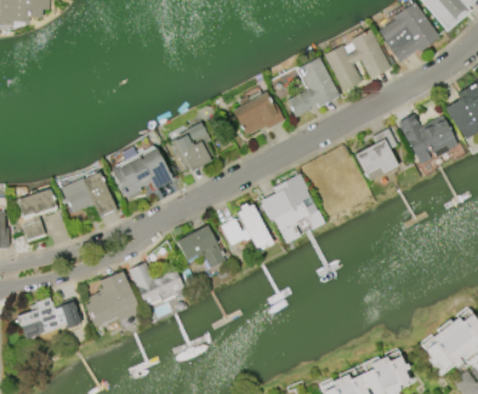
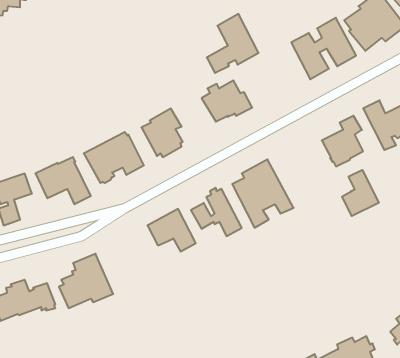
building: [286,56,340,116] -> [207,14,259,73]
building: none -> [342,170,379,216]
building: [127,262,183,306] -> none

